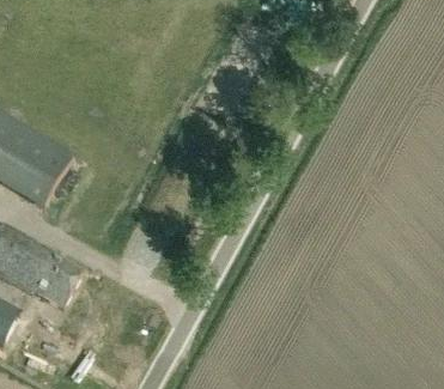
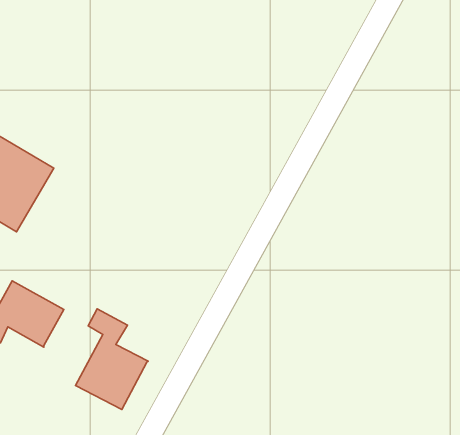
building: none -> [76,309,148,409]

